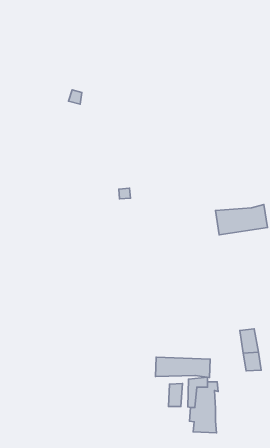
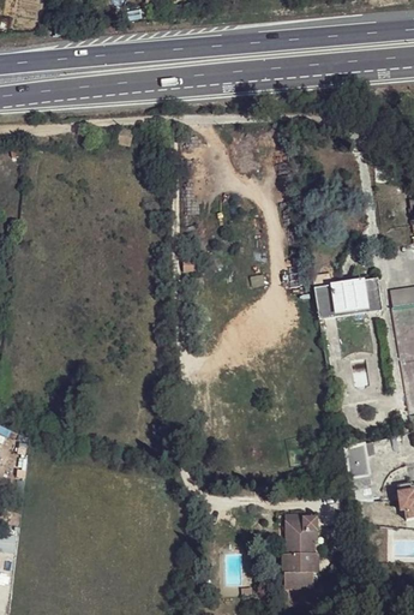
building: [156,357,210,377] -> none
building: [168,383,182,407] -> none

